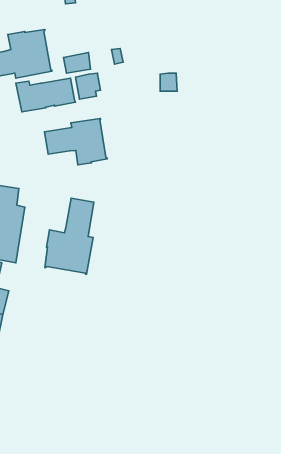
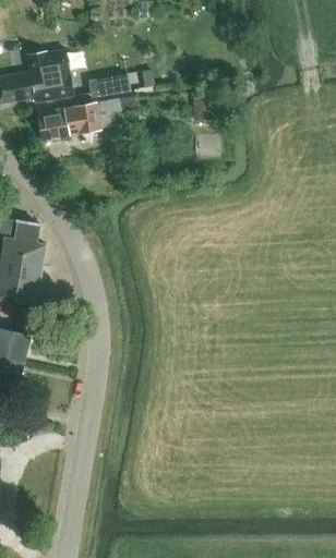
building: [44,119,107,165] -> none
building: [45,198,94,274] -> none

